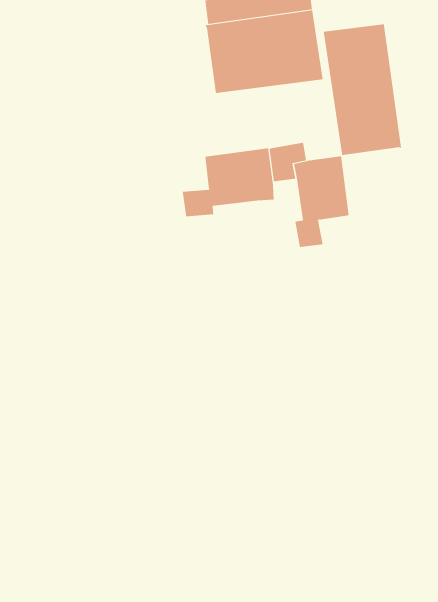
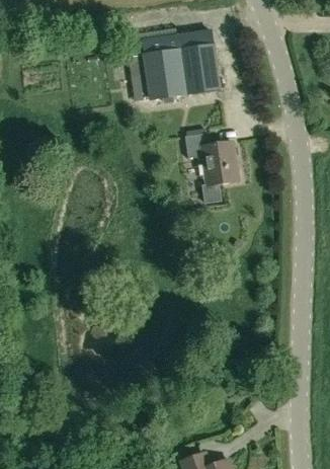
building: [323,23,402,156] -> none
building: [182,148,274,217] -> none

